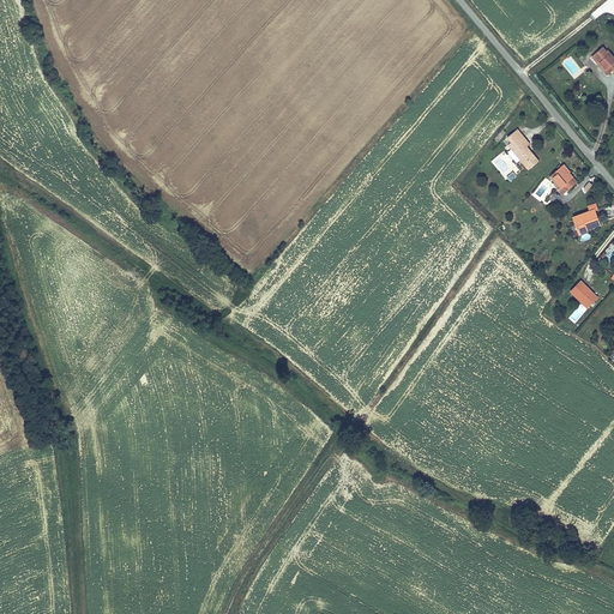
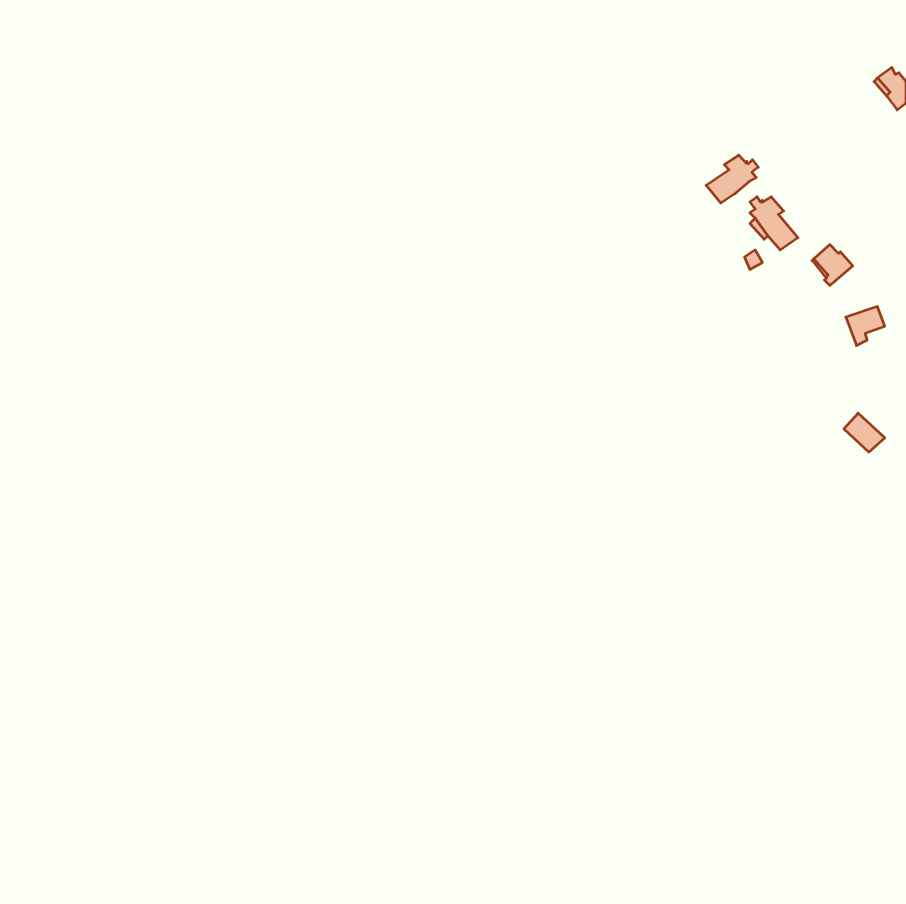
building: none -> [706,155,758,203]

